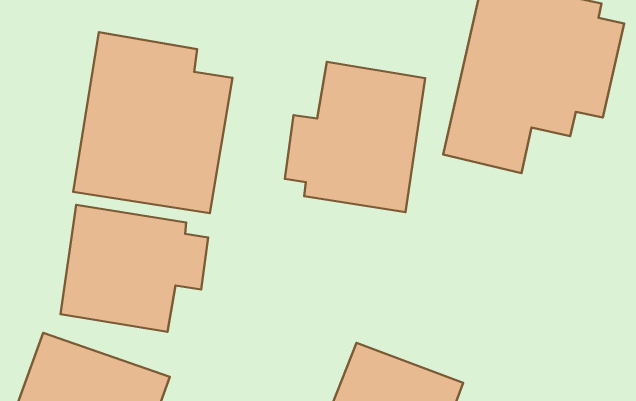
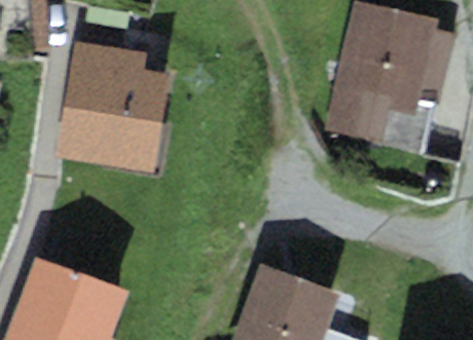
building: [285,62,425,212] -> none
building: [61,205,208,332] -> none

